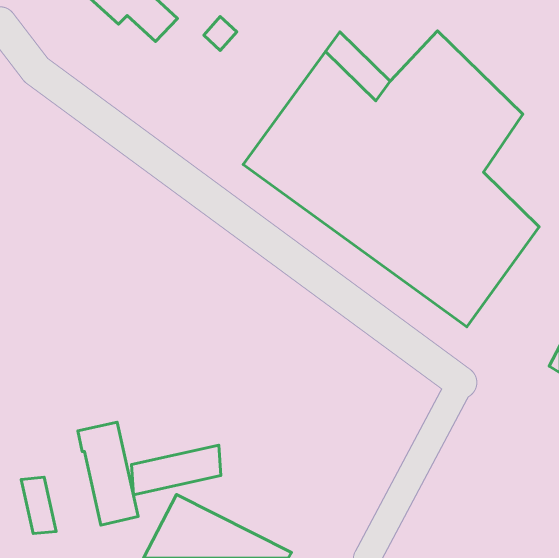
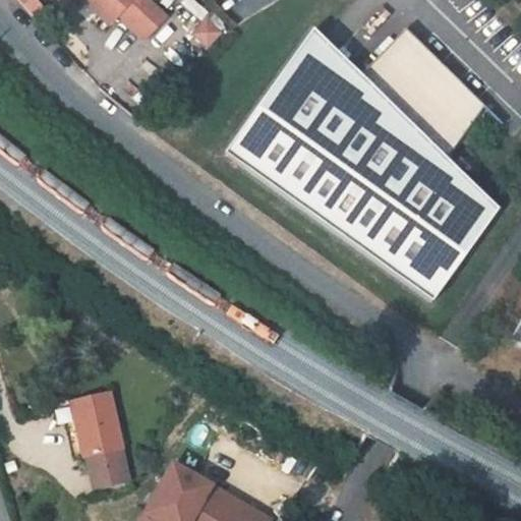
building: [131,445,221,495] -> none
building: [21,477,56,534] -> none

